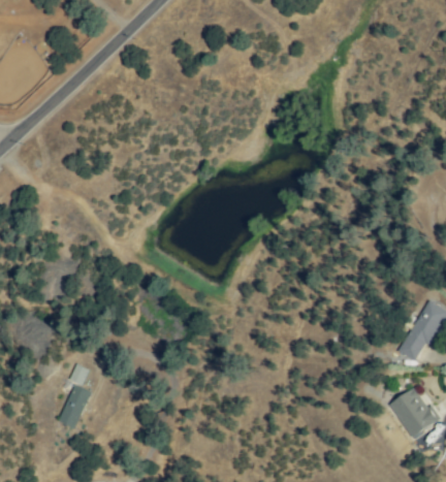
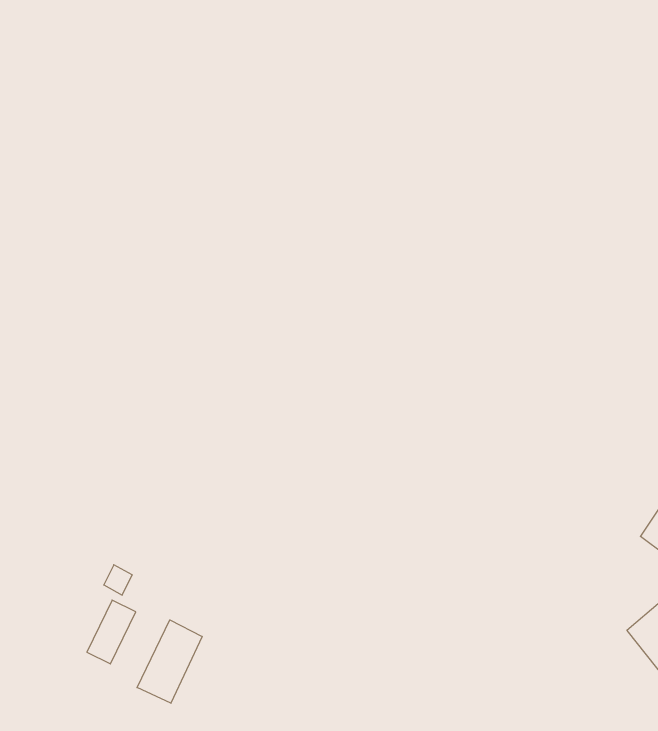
building: none -> [137,620,202,703]

